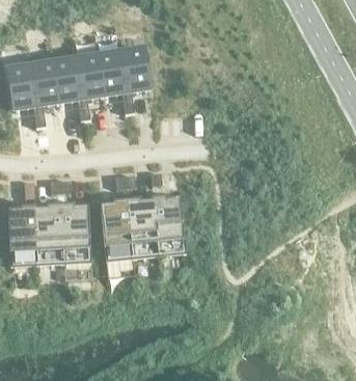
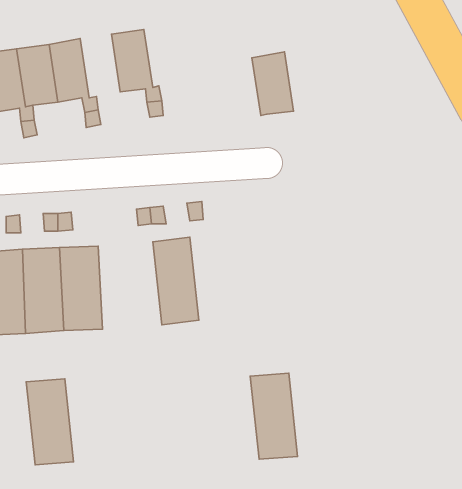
building: [119,46,148,90] -> [252,52,293,116]
building: [75,53,103,98] -> none
building: [152,193,185,253] -> [250,373,298,459]
building: [99,198,132,258] -> [26,379,74,465]

